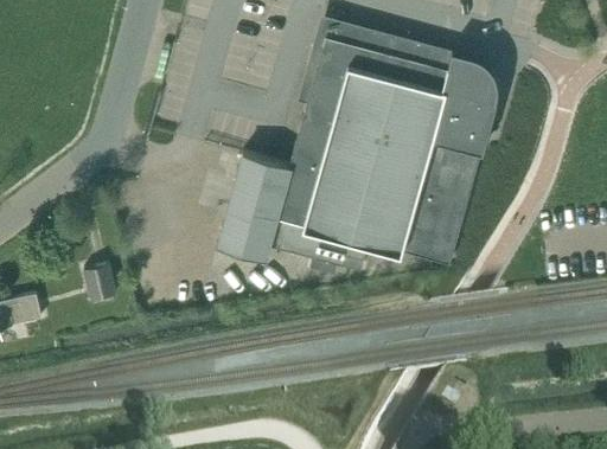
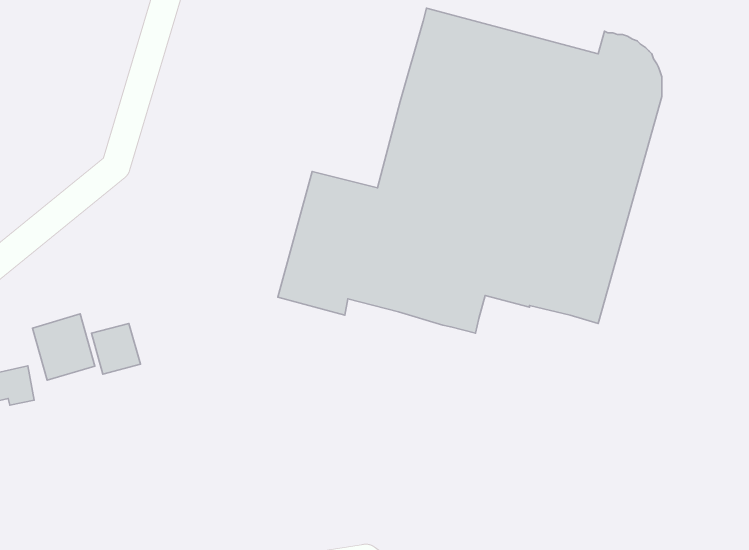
building: none -> [33,314,95,380]

